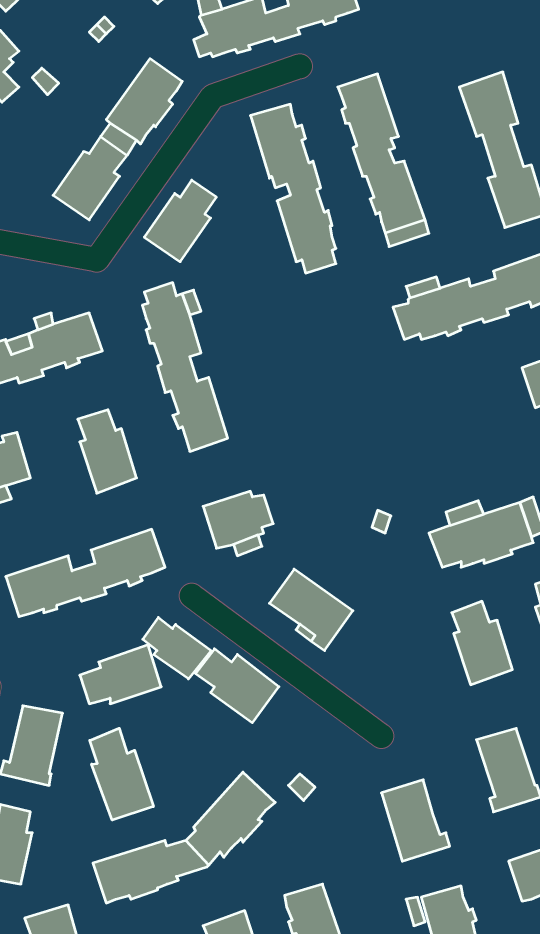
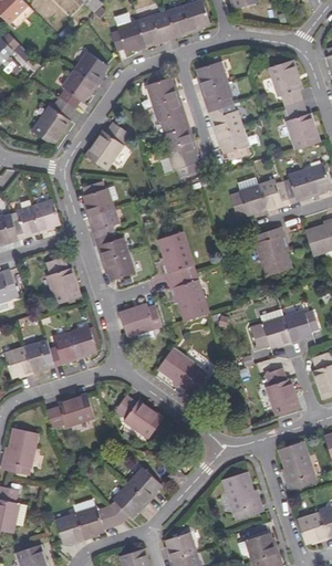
building: none -> [255,227,291,275]
building: none -> [158,231,209,319]
building: [143,617,211,679] -> none
building: [90,728,153,820] -> none

